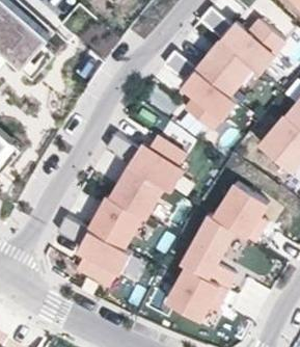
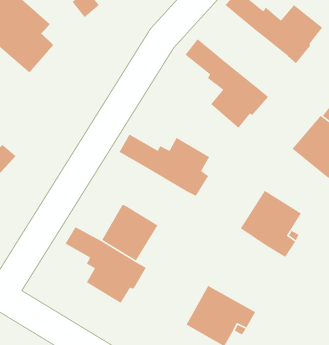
building: [199,36,255,91] -> none
building: [113,162,167,215] -> none
building: [182,212,237,289] -> none

